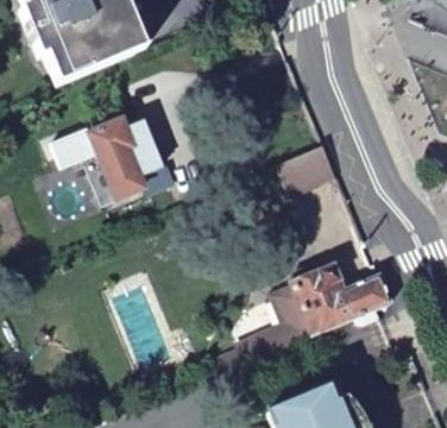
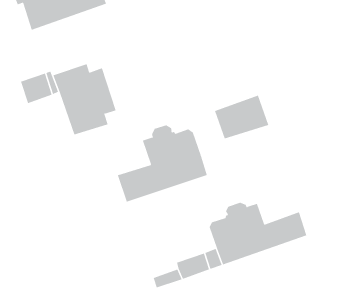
building: none -> [117,124,207,202]

